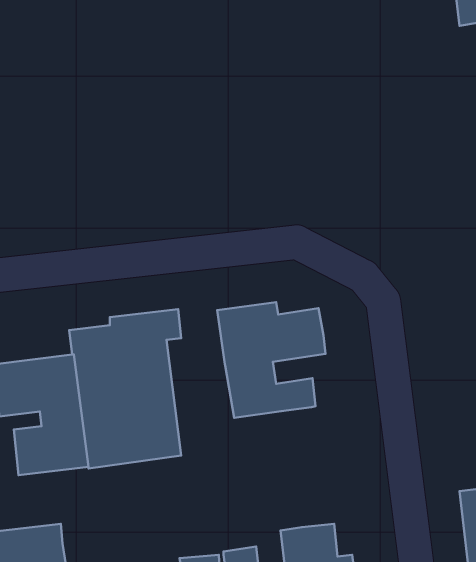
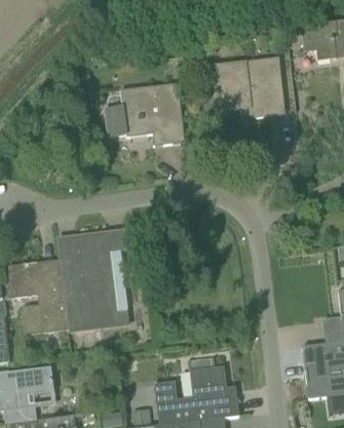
building: none -> [215,61,283,116]
building: none -> [104,80,184,145]
building: [217,302,325,418] -> none

